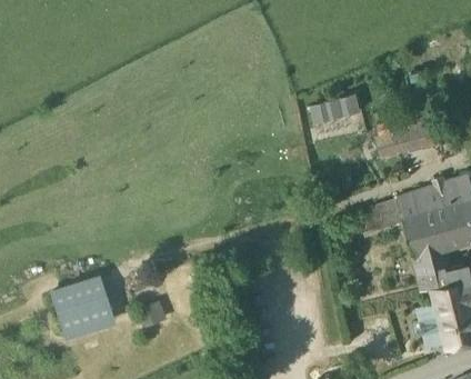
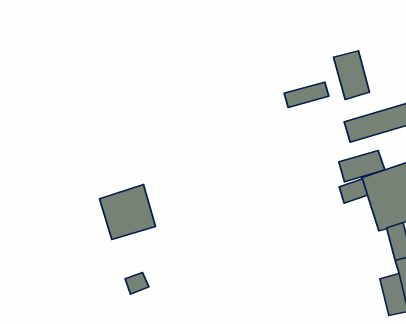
building: none -> [334,51,369,100]
building: none -> [339,150,385,182]
building: [50,276,111,336] -> [100,185,156,240]

